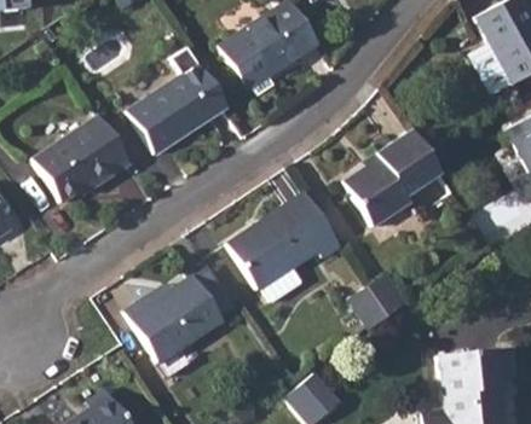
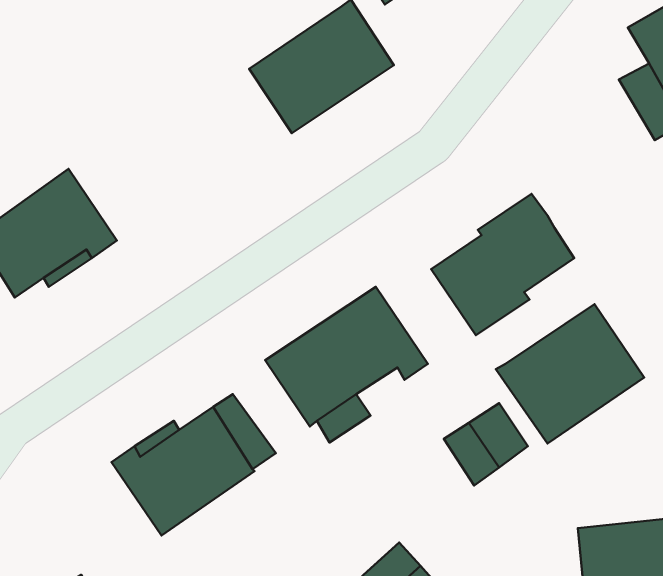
building: [126,47,225,153] -> none
building: none -> [496,304,644,443]

